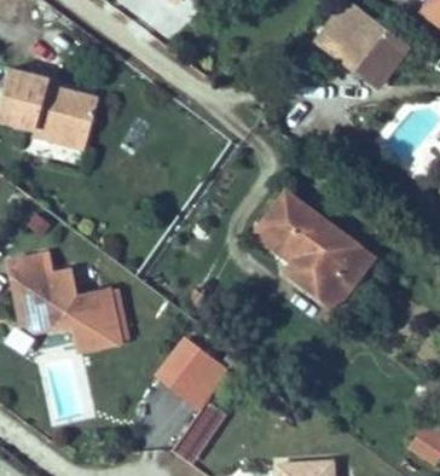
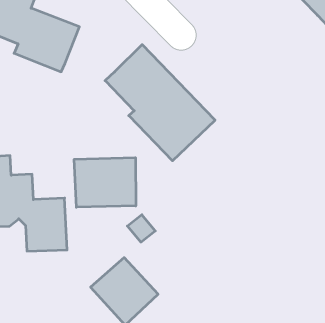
building: [251,191,375,308] -> [105,45,215,161]
building: none -> [74,158,136,207]

